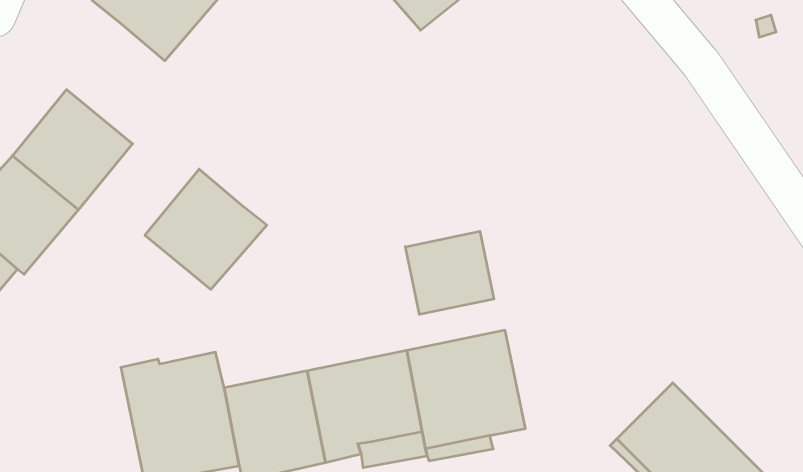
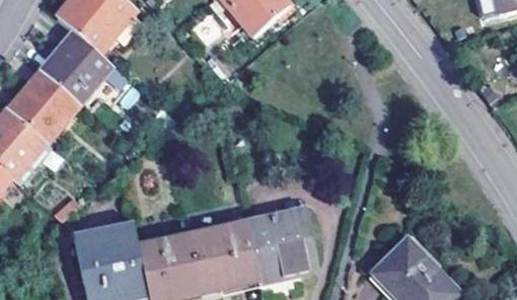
building: [145,169,267,289] -> [42,28,115,100]
building: [405,231,494,314] -> none

